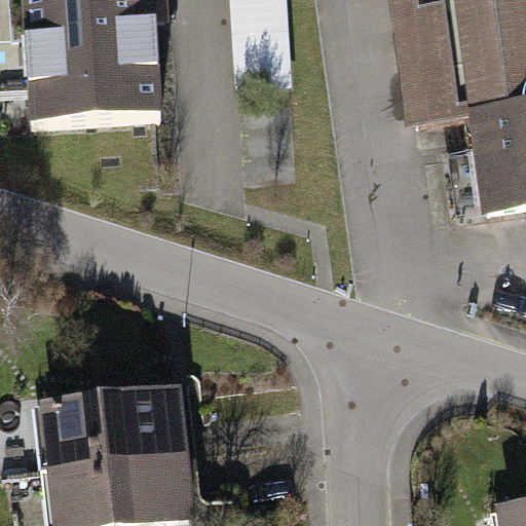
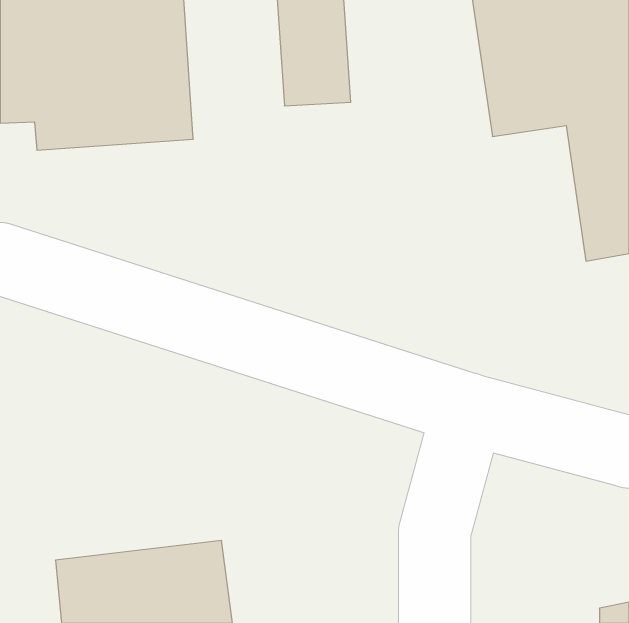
building: [38,384,185,467] -> none

